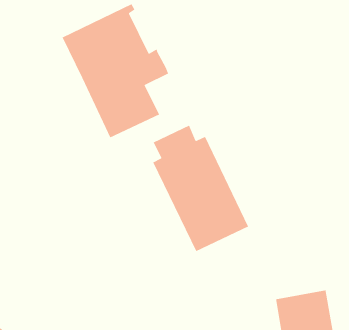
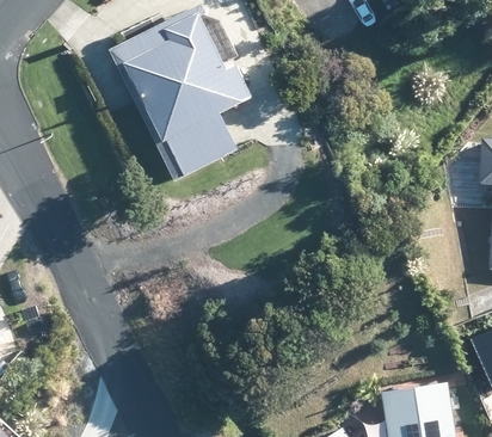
building: [152,125,249,252] -> none

